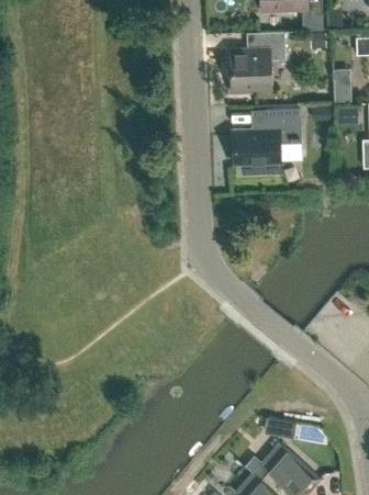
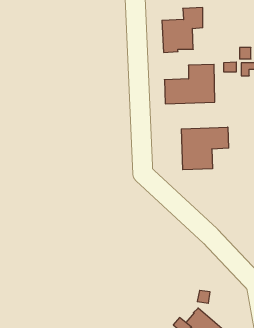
building: none -> [181,127,229,170]

